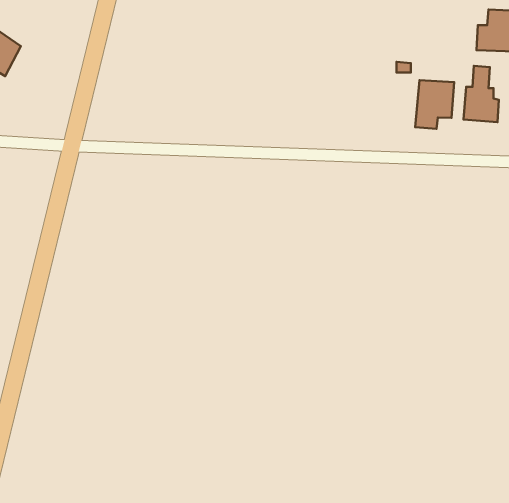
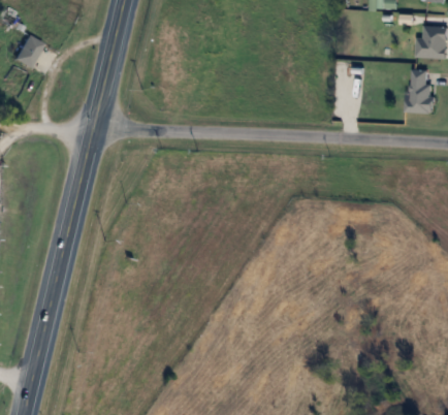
building: [415,80,454,129] -> none

